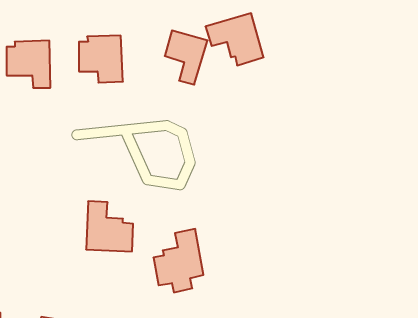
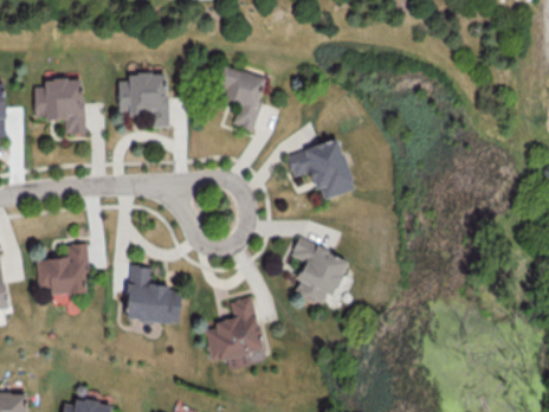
building: [205,13,264,65] -> [286,140,354,200]
building: none -> [290,239,349,304]
building: none -> [37,244,88,295]

